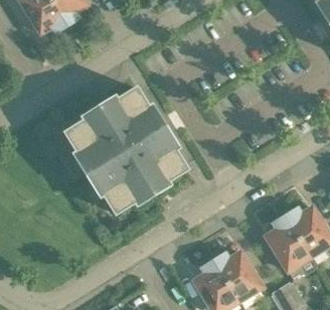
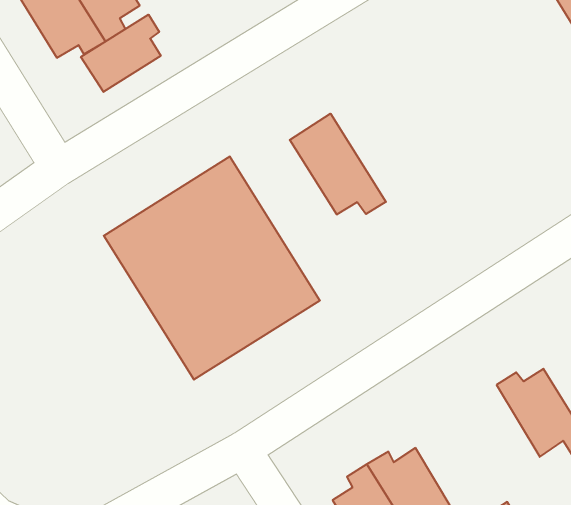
building: none -> [81,15,161,92]
building: none -> [290,114,386,215]
building: [266,216,310,279] -> none

